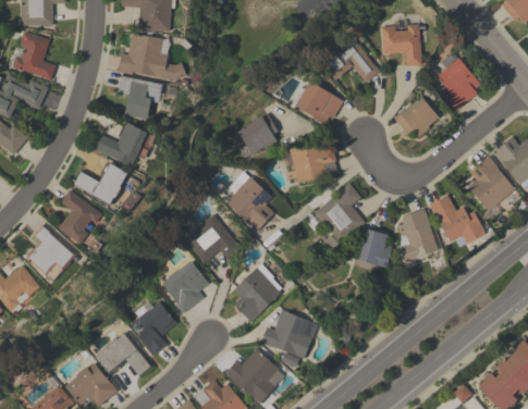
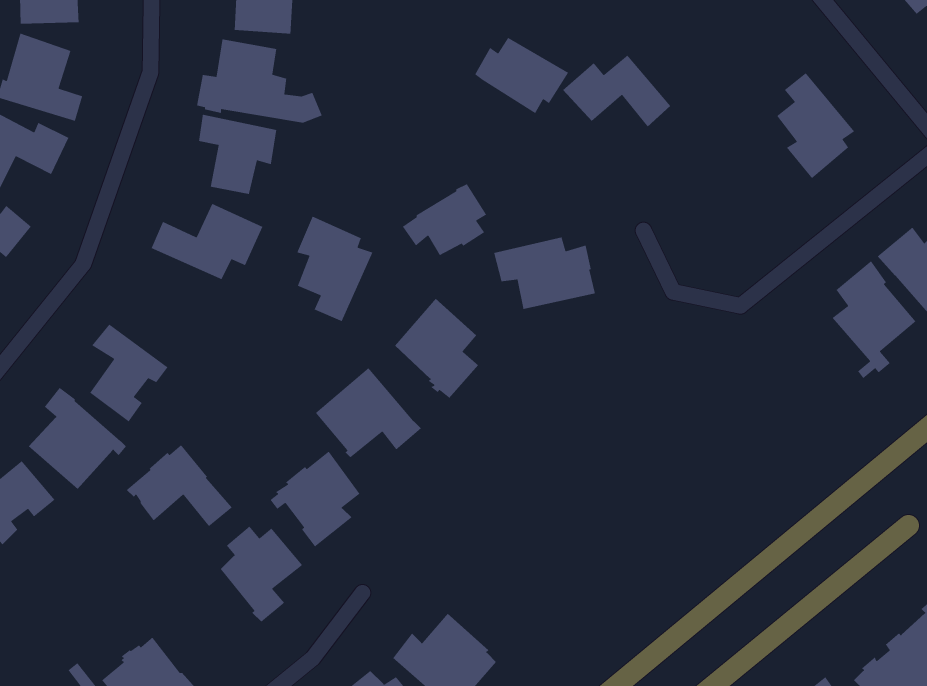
building: [381,24,421,66] -> none
building: [291,82,343,124] -> [474,37,569,114]
building: [394,97,439,137] -> none
building: none -> [296,216,373,322]
building: [73,161,130,207] -> none
building: [315,183,365,243] -> none
building: [429,196,486,245] -> none
building: [397,209,438,268] -> none
building: [359,230,392,267] -> none
building: [234,264,281,322] -> none
building: [260,310,317,359] -> none
building: [94,332,152,377] -> [126,444,233,527]

